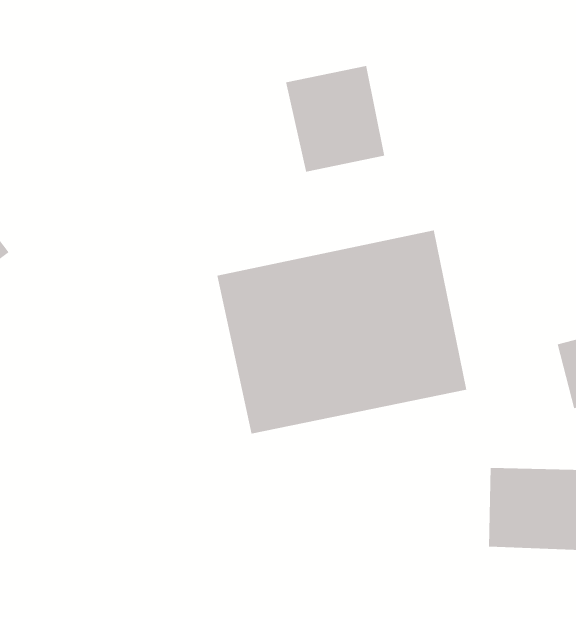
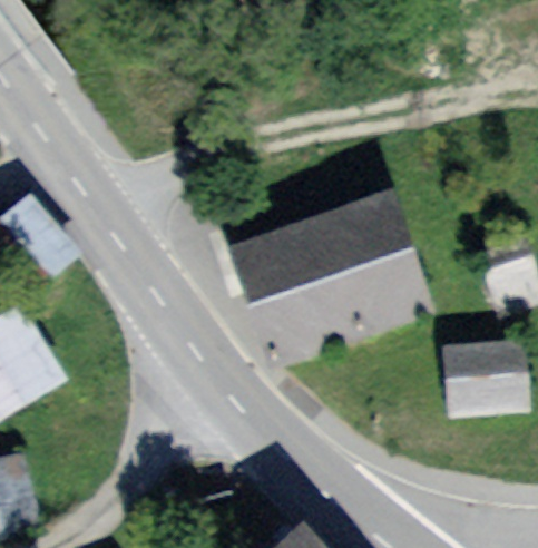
building: [286,65,385,172] -> none

